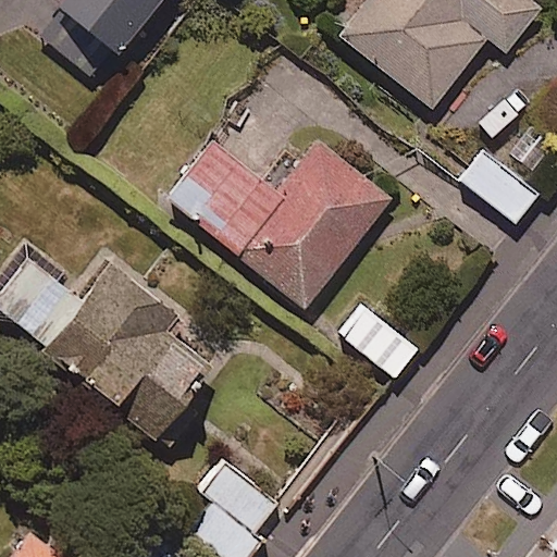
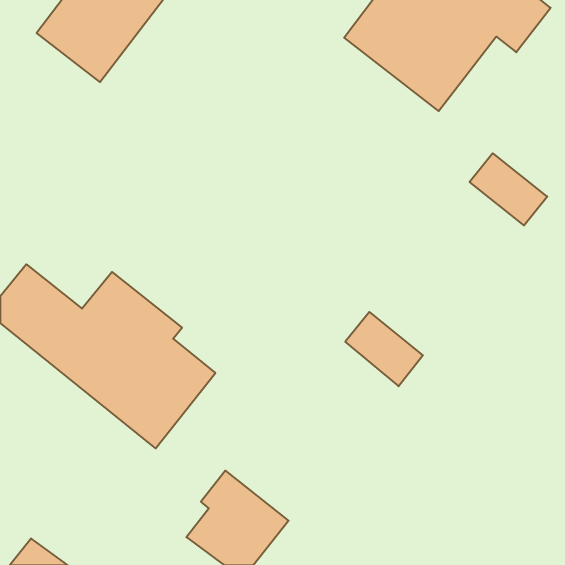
building: [165,140,393,309] -> none

